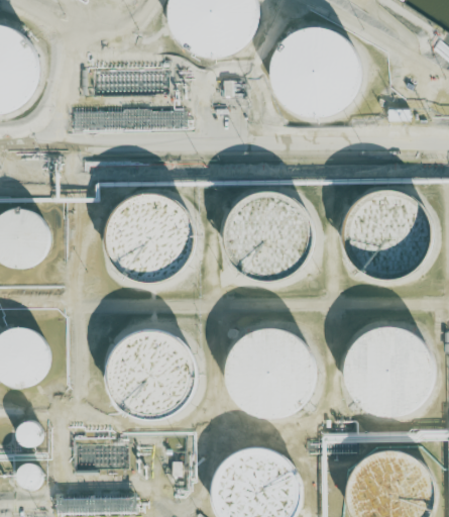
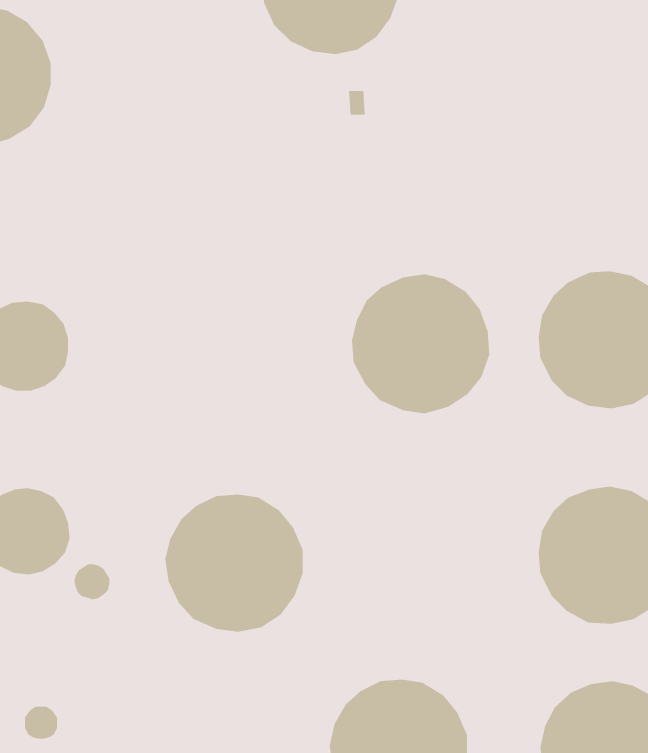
building: [272,28,360,117] -> none
building: [106,192,194,281] -> none
building: [225,329,313,417] -> none
building: [15,422,38,445] -> [73,563,110,600]

